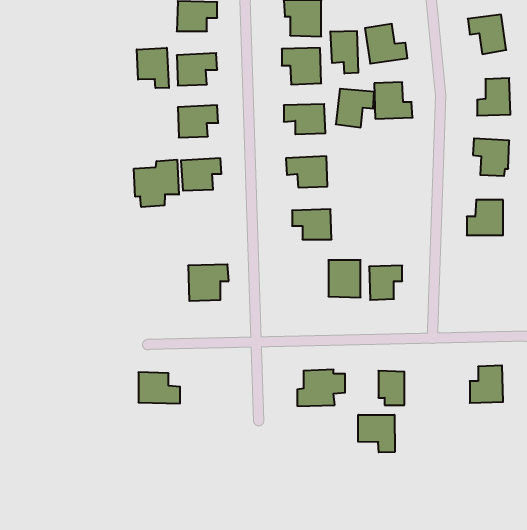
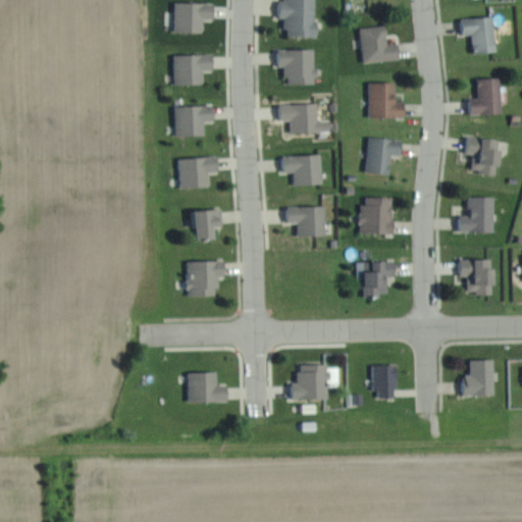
building: [330,31,358,74] -> none
building: [137,48,169,88] -> none
building: [336,89,374,127] -> [364,138,402,175]
building: [134,160,179,207] -> none
building: none -> [192,209,222,241]
building: [328,260,361,297] -> [361,198,393,234]
building: none -> [458,259,493,294]
building: [138,372,180,403] -> [187,372,227,403]
building: [358,415,395,452] -> none

